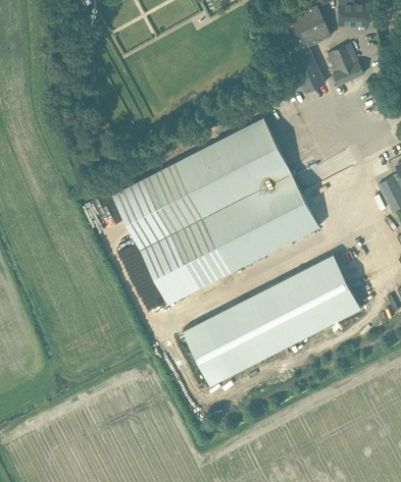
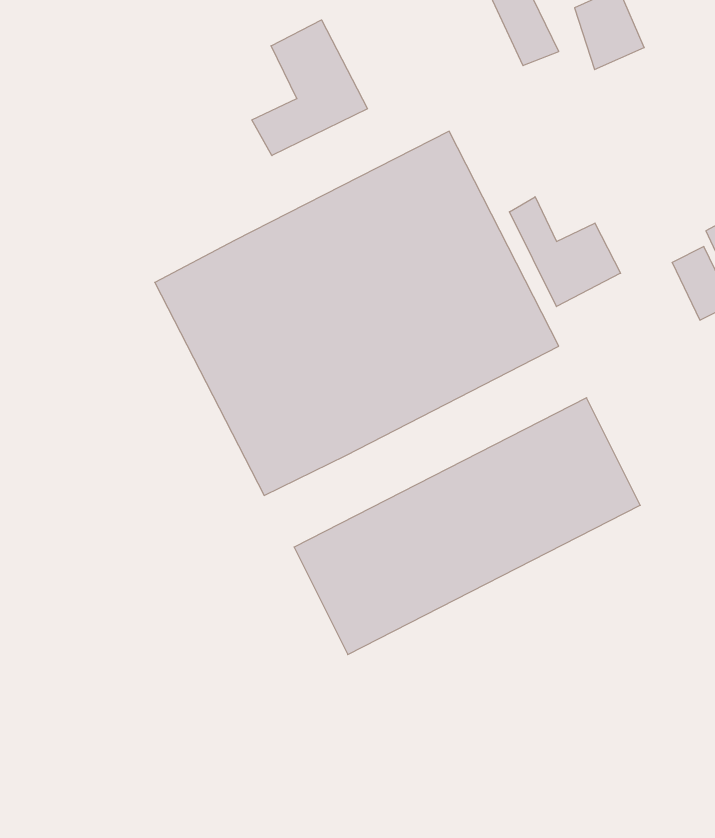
building: none -> [252,20,367,156]
building: none -> [509,197,621,307]

